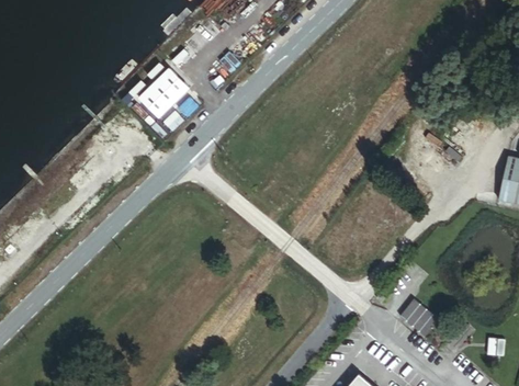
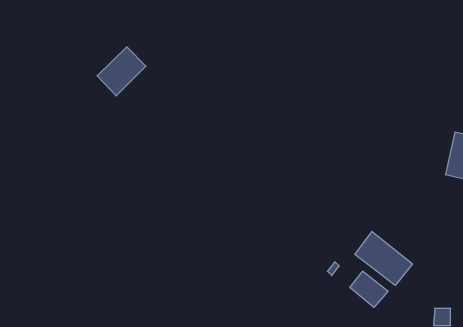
building: none -> [355,231,412,285]

